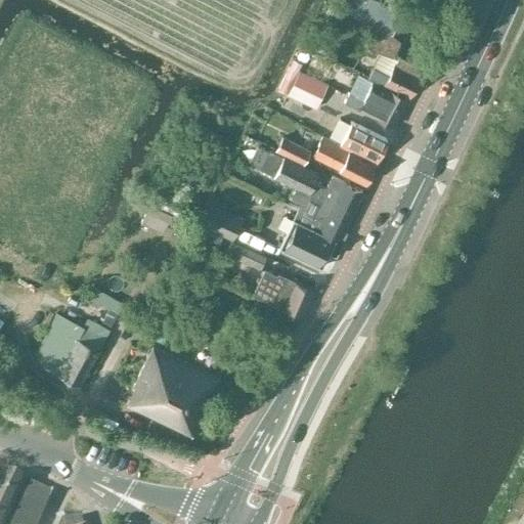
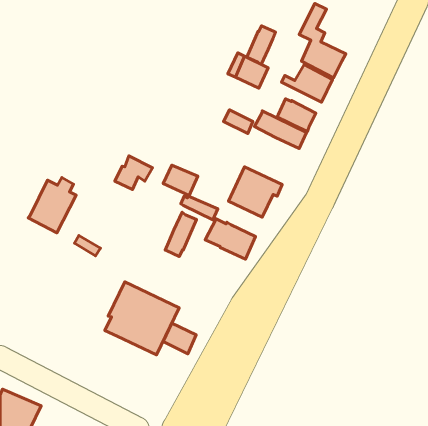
building: none -> [247,26,276,64]
building: [261,151,362,228] -> none
building: none -> [165,212,197,257]
building: [45,319,103,387] -> [28,178,76,233]
building: none -> [163,323,196,354]

